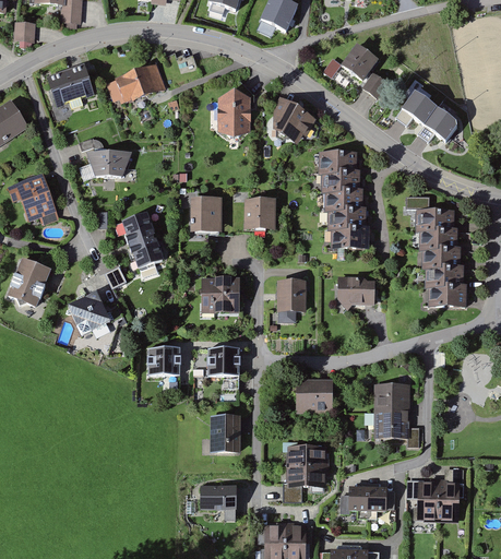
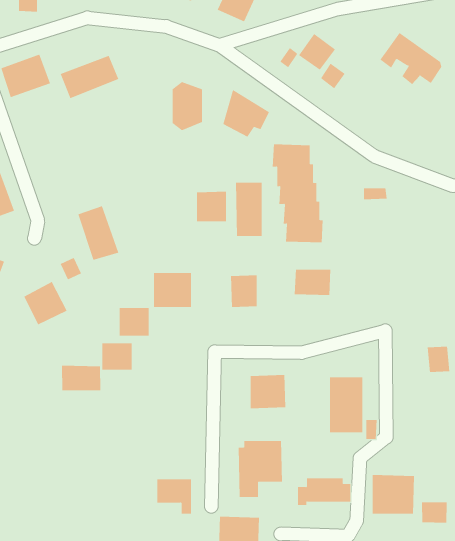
building: [396,90,458,142] -> [379,32,442,85]
building: [88,151,135,176] -> none
building: none -> [235,182,262,237]
building: [187,199,217,234] -> none
building: [415,211,466,309] -> none
building: [205,349,236,378] -> [119,308,150,336]
building: none -> [62,365,101,391]
building: [208,416,239,453] -> none
building: none -> [422,502,447,524]

